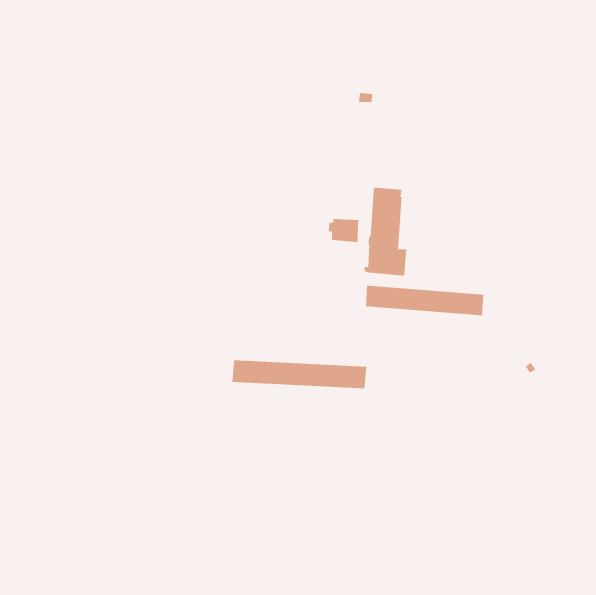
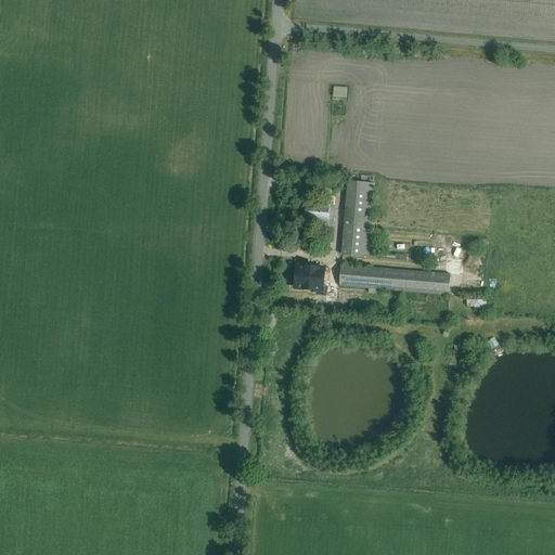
building: none -> [292,264,319,287]
building: [232,359,367,389] -> none

